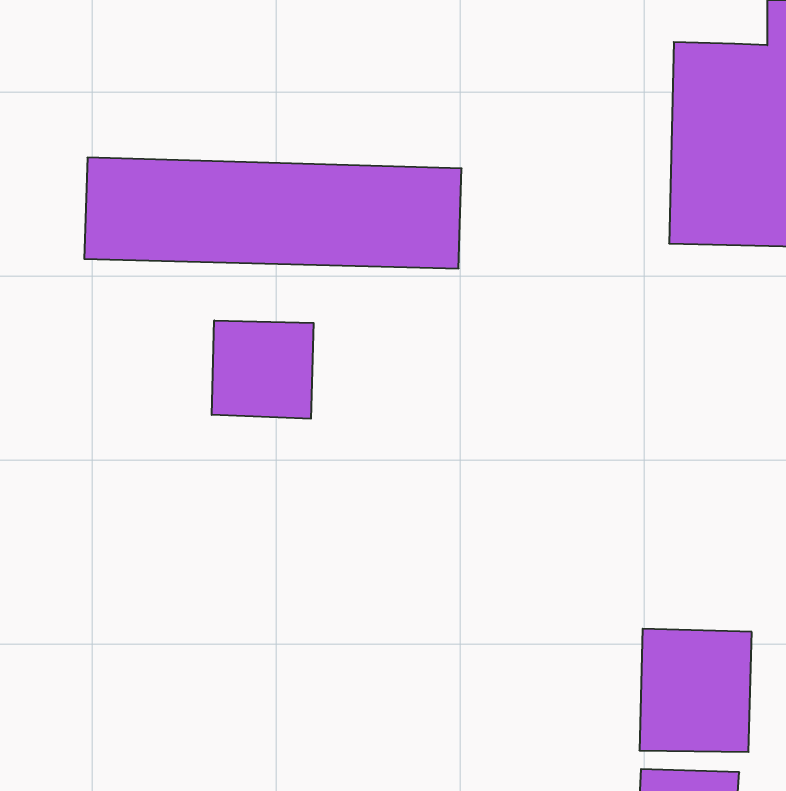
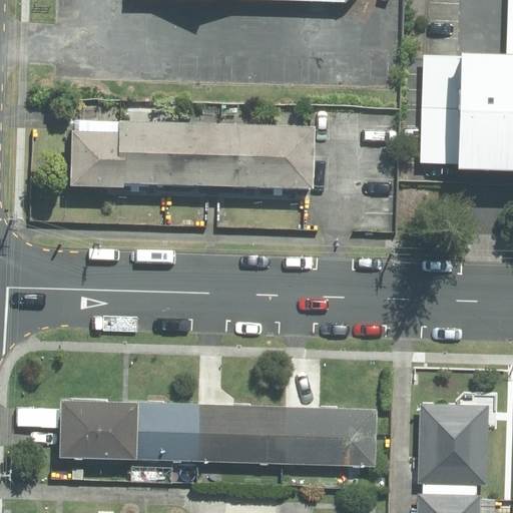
building: [212,320,314,419] -> none
building: none -> [55,403,377,470]

